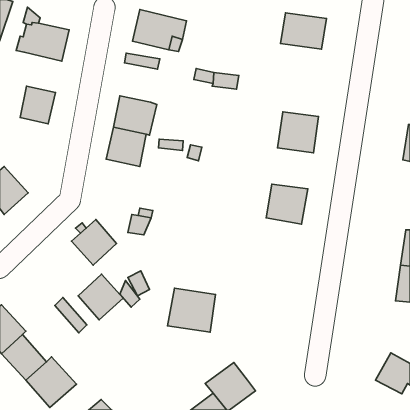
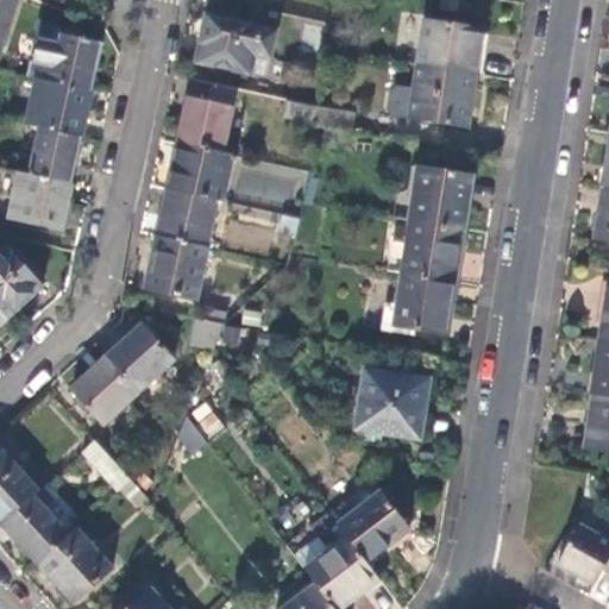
building: none -> [387,64,476,124]
building: none -> [25,77,92,137]
building: none -> [177,96,232,151]
building: none -> [10,171,71,228]
building: none -> [402,219,464,280]
building: none -> [145,236,207,299]
building: [78,274,123,320] -> [71,357,138,425]
building: [167,288,216,332] -> [356,368,427,433]
building: none -> [338,492,409,563]

